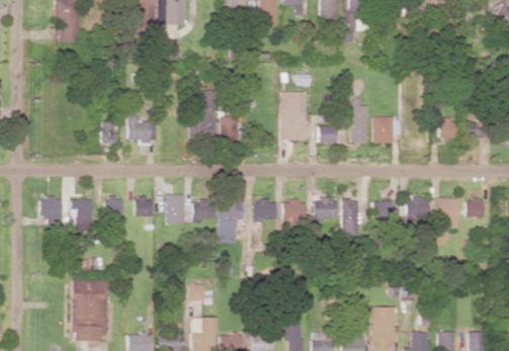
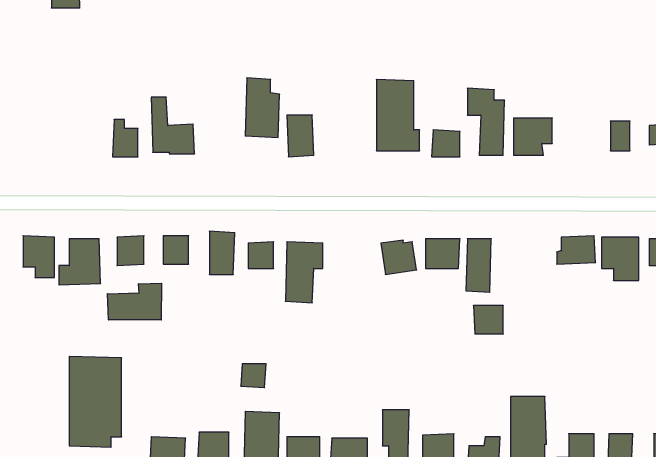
building: [253,199,276,221] -> none
building: [372,200,393,220] -> [473,306,503,334]
building: none -> [107,283,161,320]

